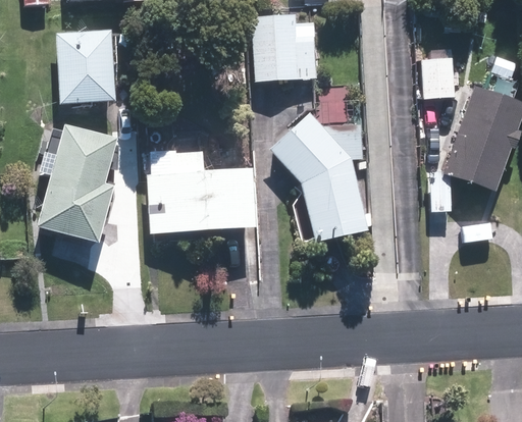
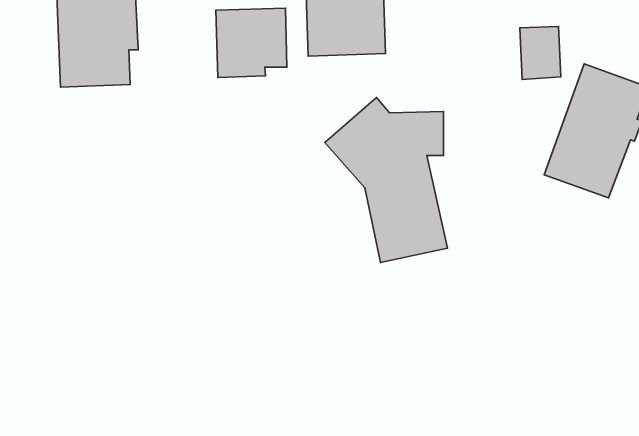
building: none -> [216,8,287,77]
building: [37,125,115,245] -> none
building: [147,150,253,234] -> none

